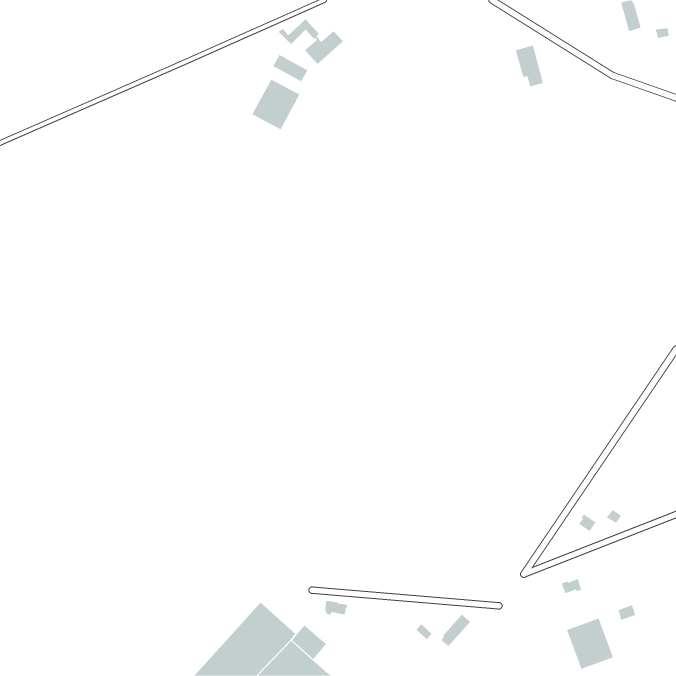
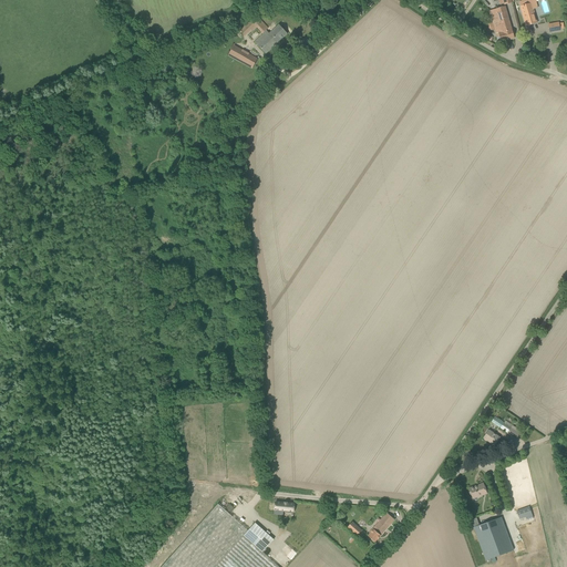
building: [515,45,544,87] -> [489,7,514,42]
building: [252,79,300,130] -> none

